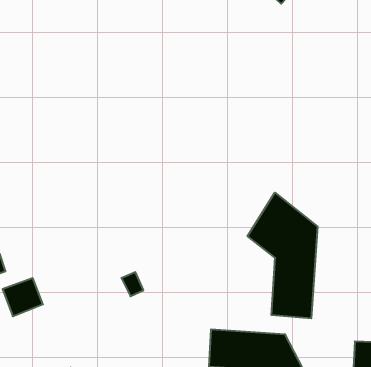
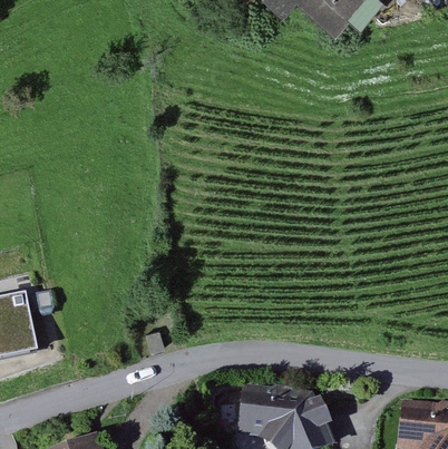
building: [248,193,317,318] -> none

